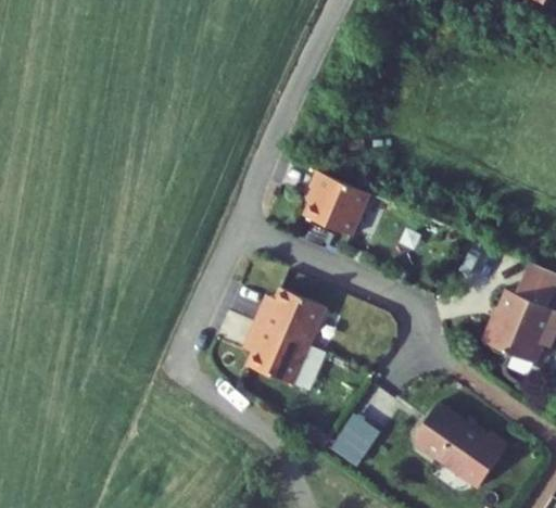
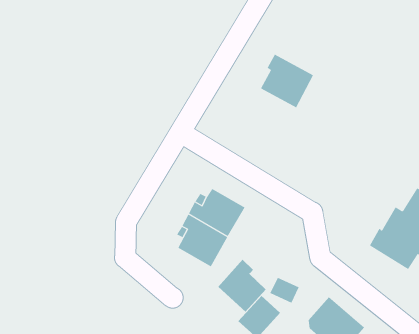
building: [308,169,372,233] -> [260,54,314,108]
building: none -> [218,259,267,312]

